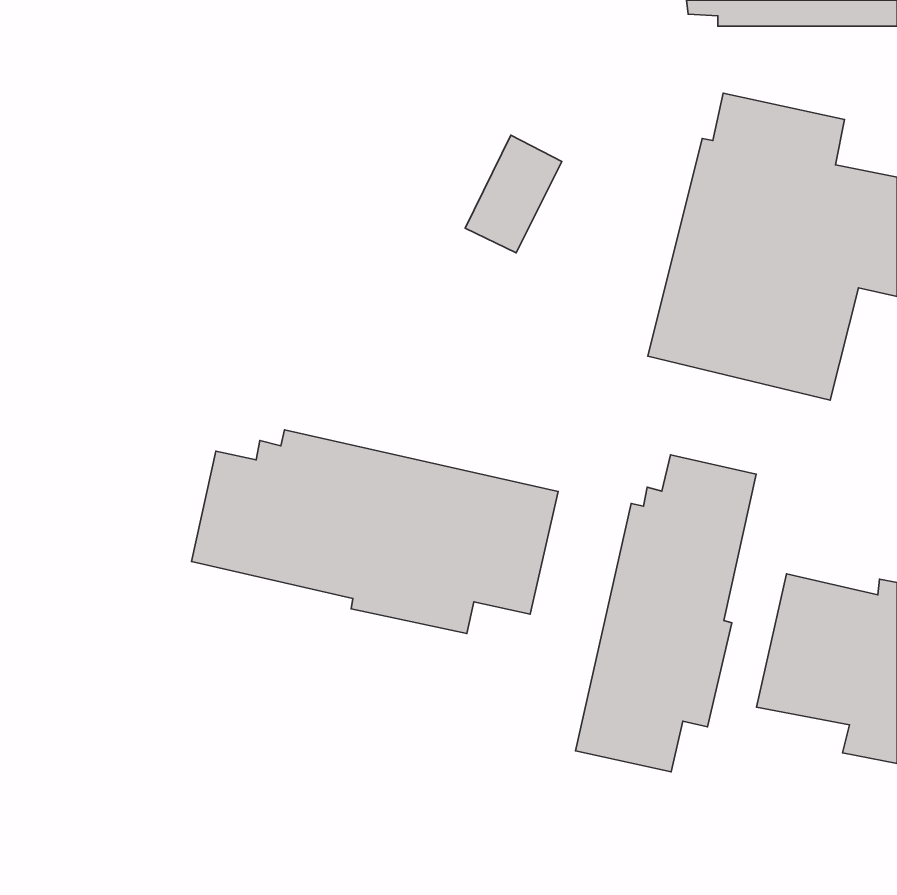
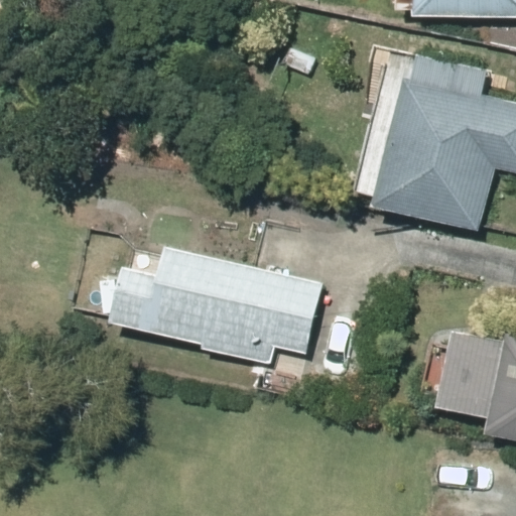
building: [576,455,756,772] -> none

